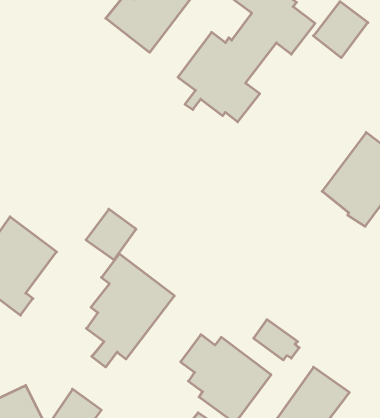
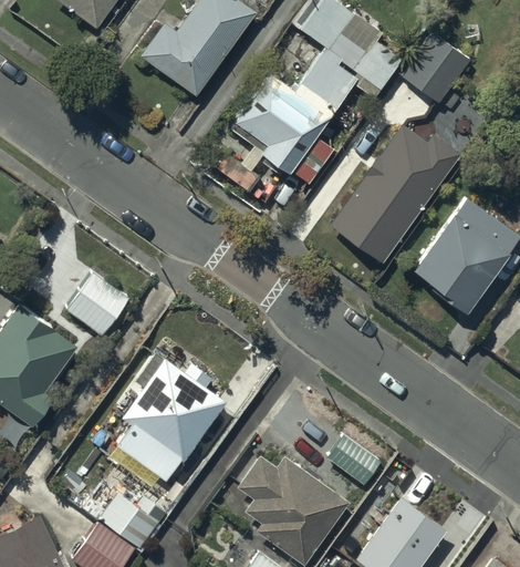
building: none -> [332,120,456,254]
building: [86,209,136,260] -> [67,274,131,338]
building: none -> [98,493,160,550]

